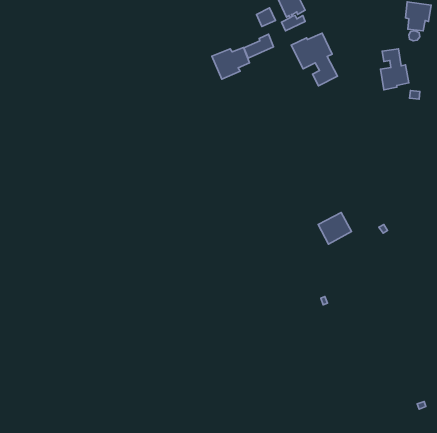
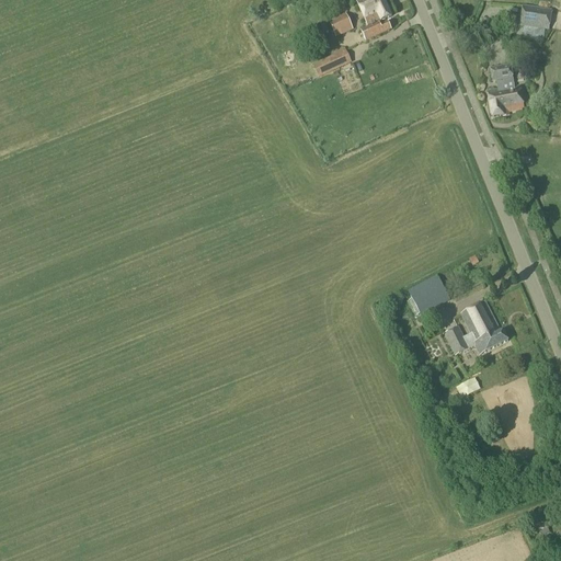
building: [291,33,337,86] -> none
building: [212,48,250,79] -> none
building: none -> [444,299,508,353]

